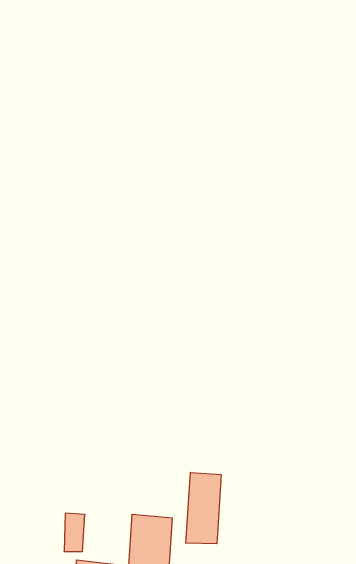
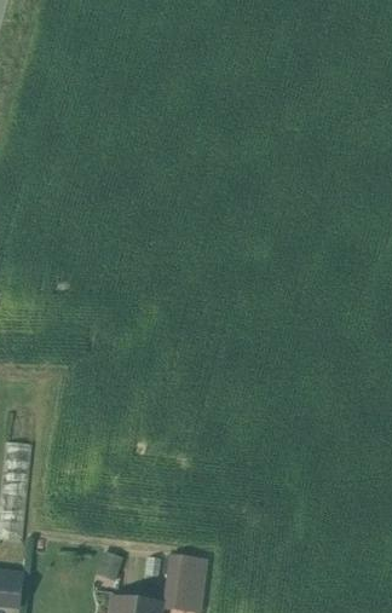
building: [186,472,221,544] -> none

